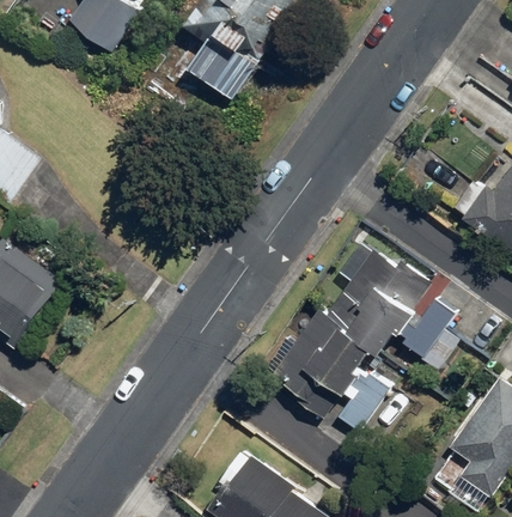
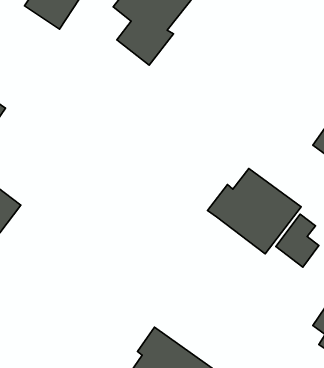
building: [260,302,391,438] -> none

